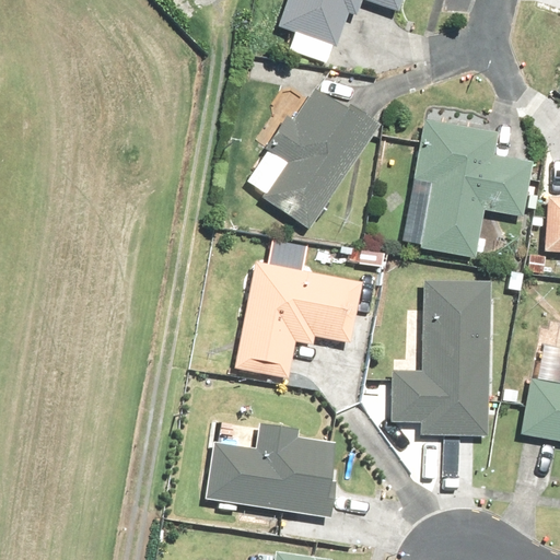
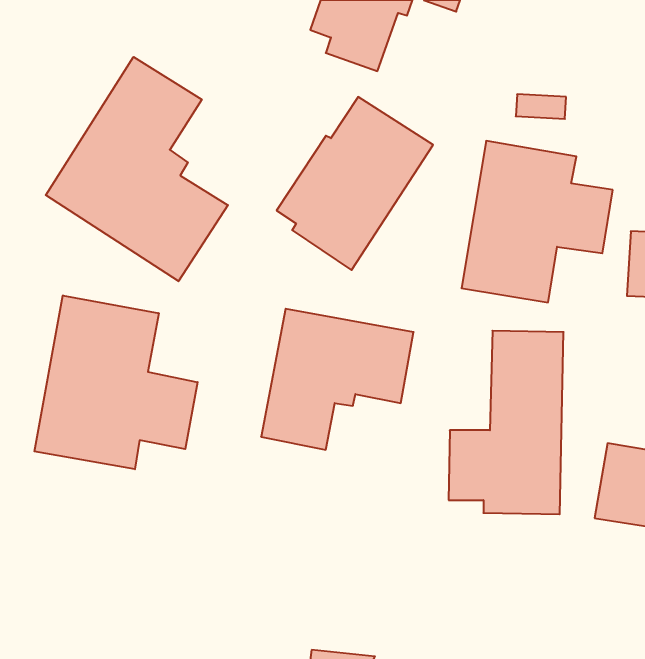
building: none -> [46,57,228,281]
building: none -> [34,295,198,469]
building: [207,422,338,511] -> none

